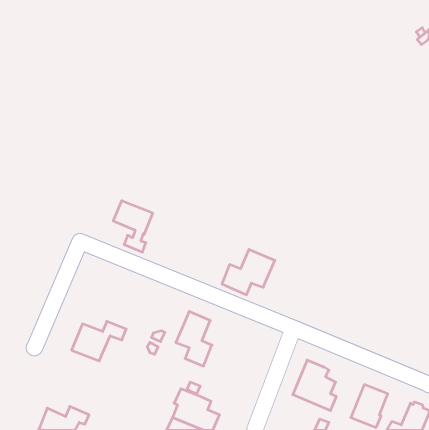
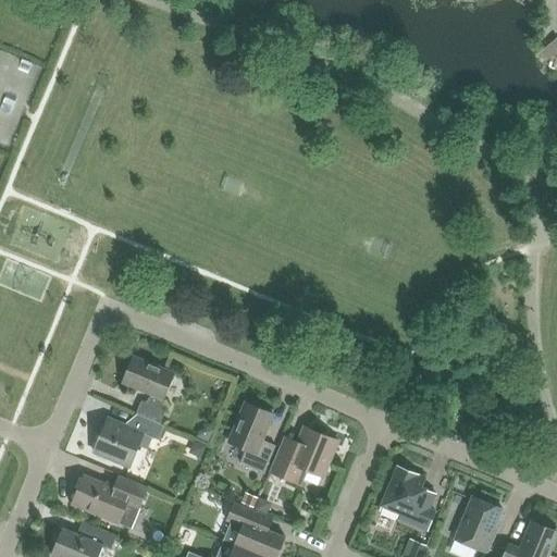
building: [113,201,153,252] -> [122,357,173,423]
building: [222,249,275,295] -> [269,428,337,486]
building: none -> [71,475,147,529]

